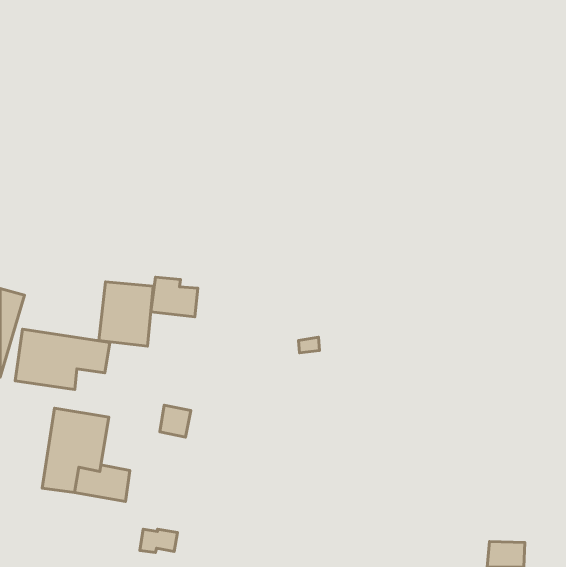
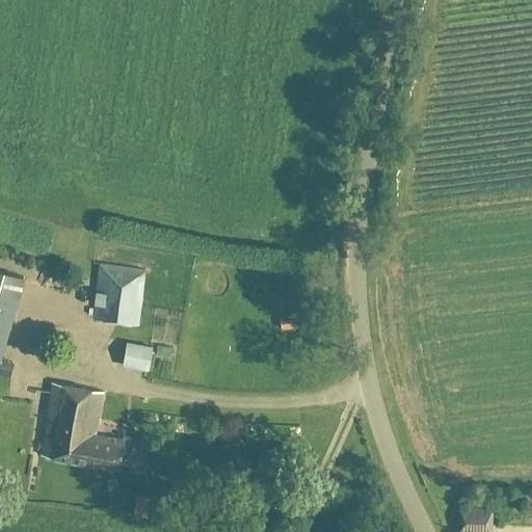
building: [151,277,198,317] -> none
building: [15,329,110,389] -> none
building: [160,405,191,437] -> [124,342,153,372]

